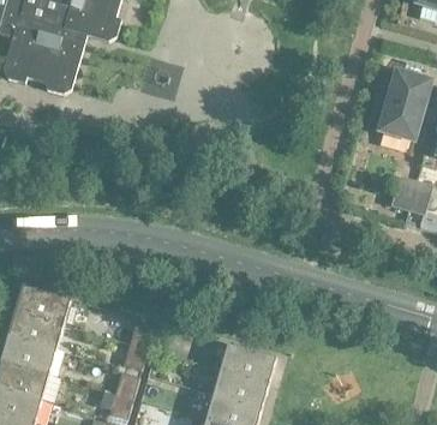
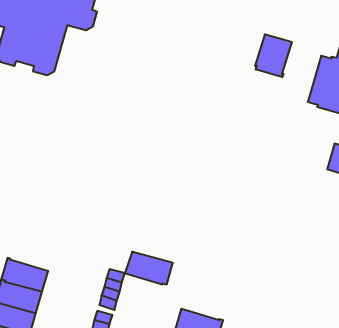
building: none -> [255,34,292,77]
building: [16,283,71,324] -> none
building: [220,343,276,382] -> [125,252,173,284]

